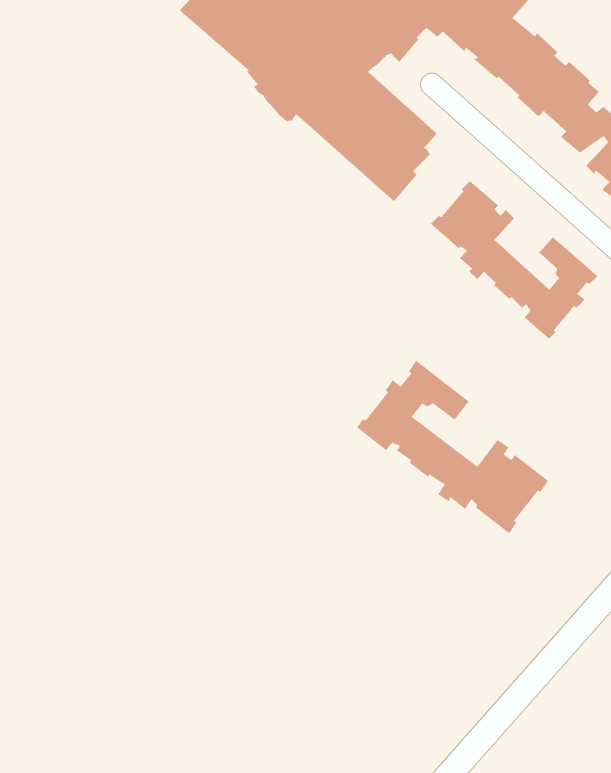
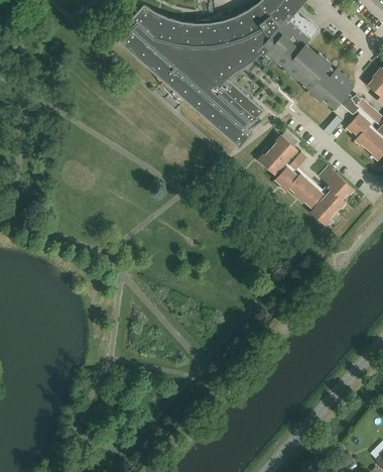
building: [356,360,549,534] -> none

